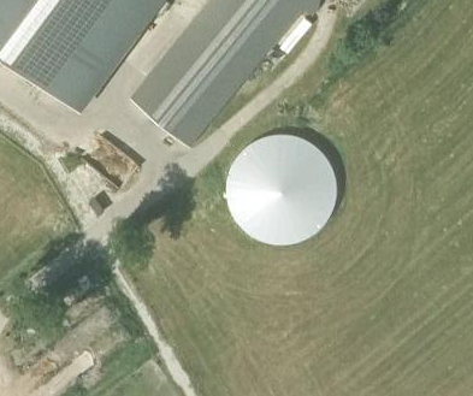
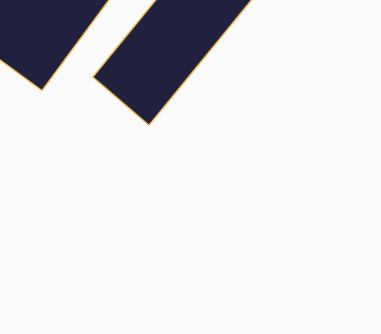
building: [225,135,336,246] -> none

